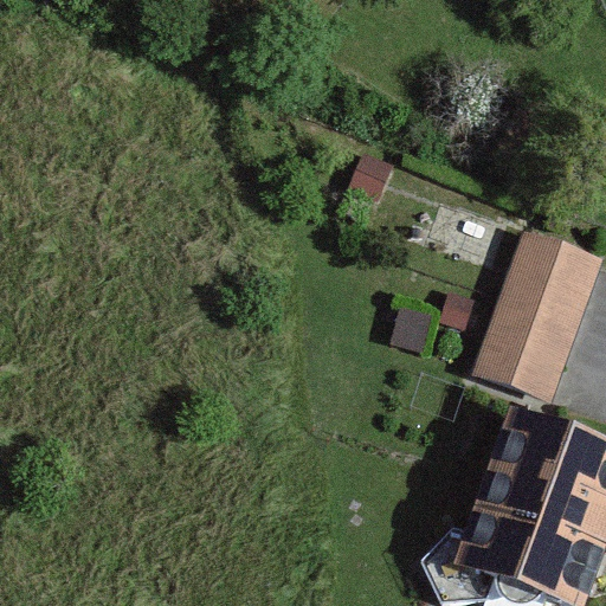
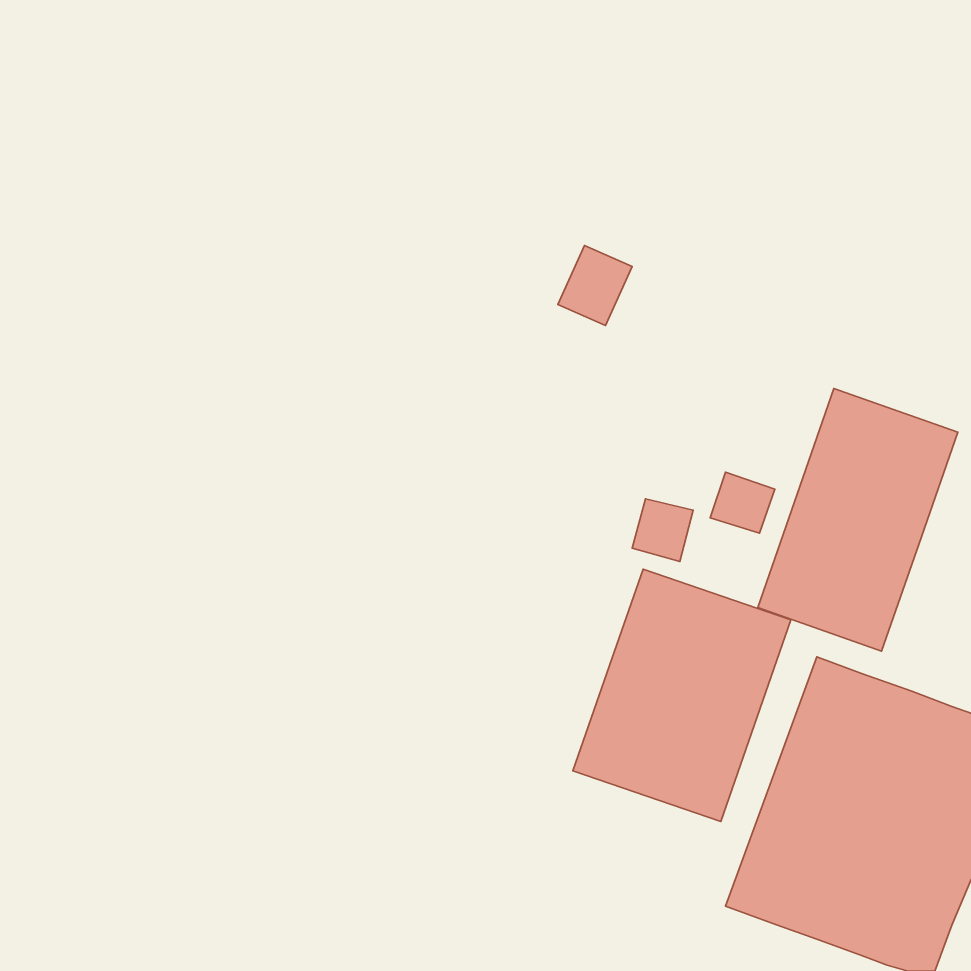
building: none -> [573,569,791,822]

